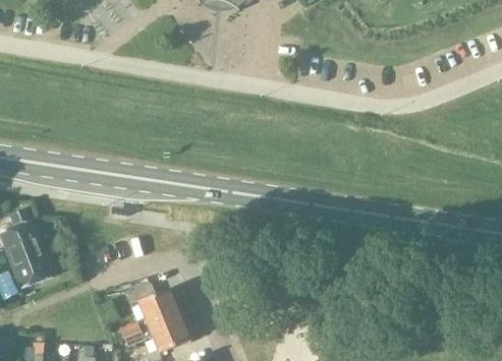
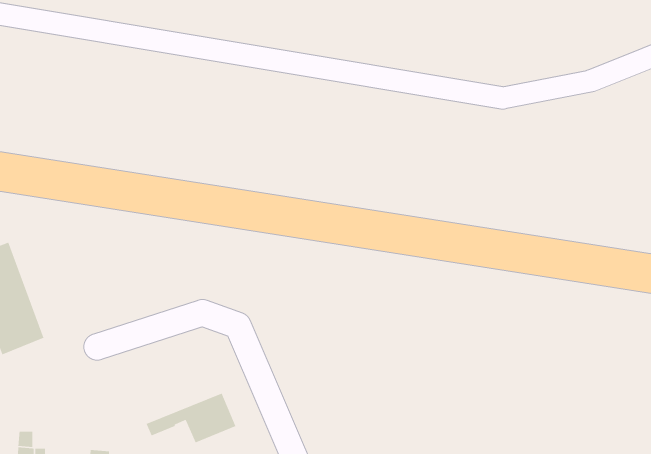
building: [109,284,179,341] -> none

